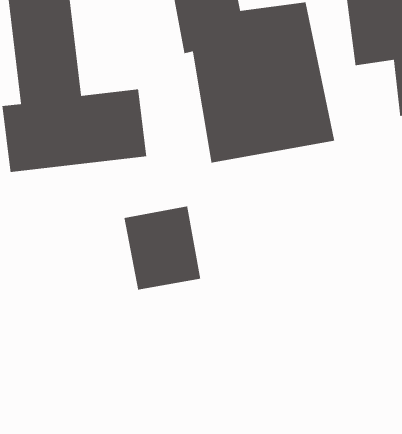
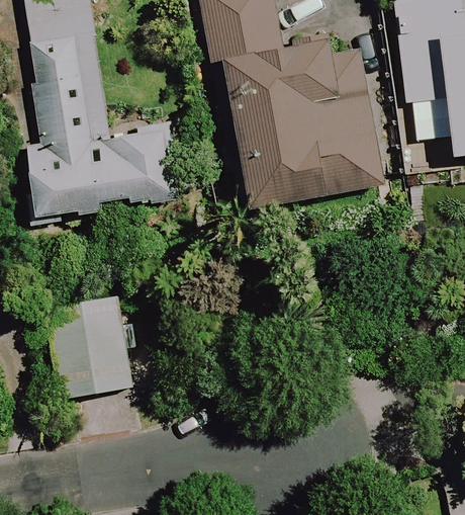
building: [123,205,201,291] -> [49,307,132,399]

